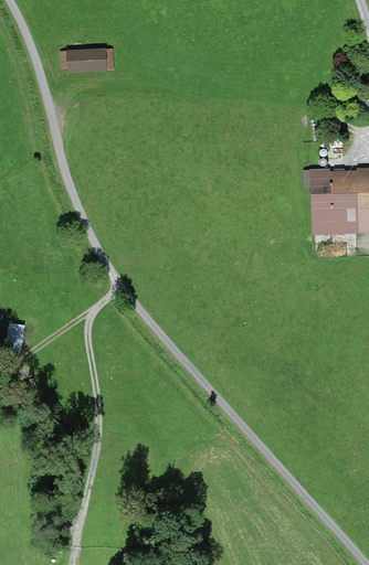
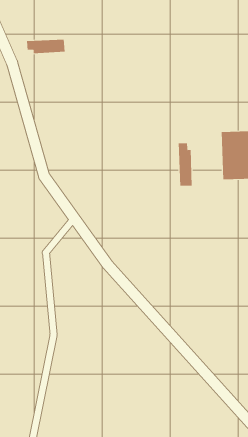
building: none -> [178,142,192,186]

